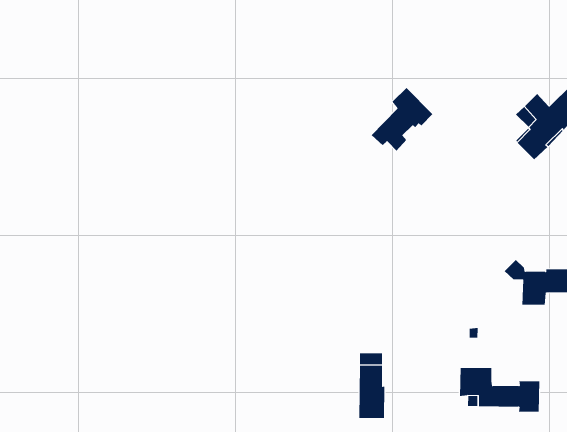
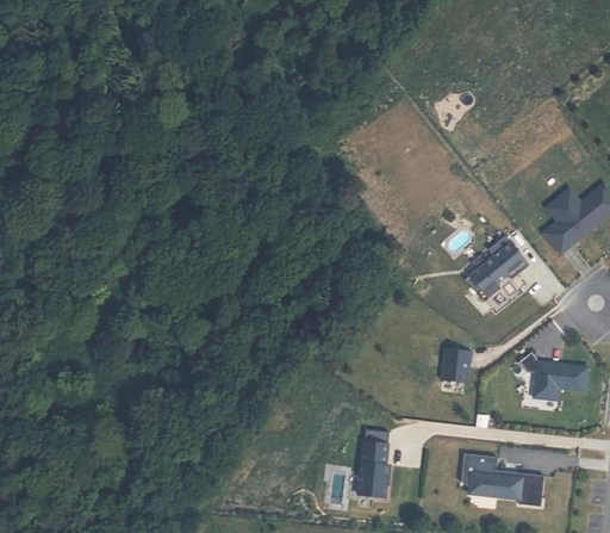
building: [371,87,433,152] -> [465,236,529,299]
building: none -> [442,349,472,383]

